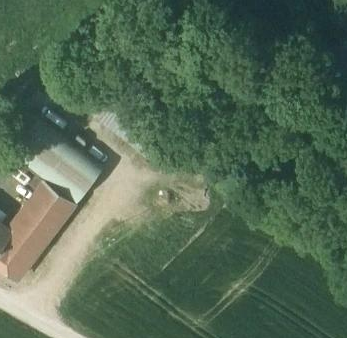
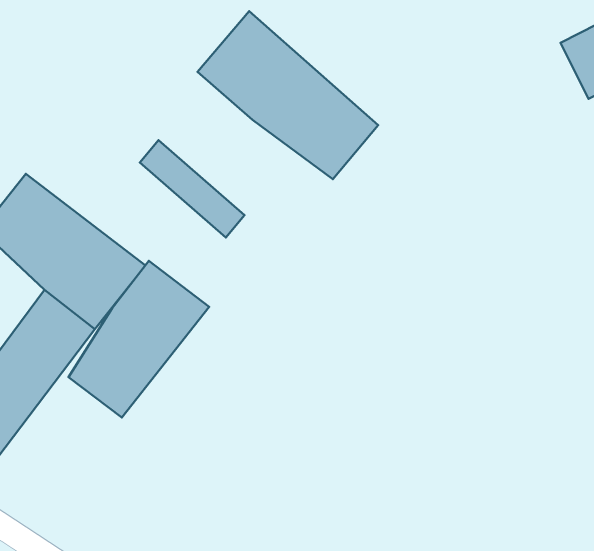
building: none -> [197,11,378,179]
building: none -> [68,261,209,417]

